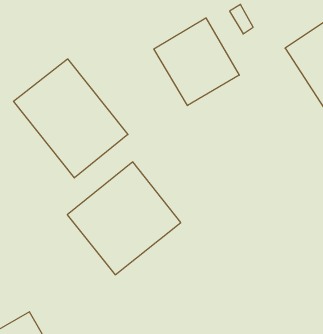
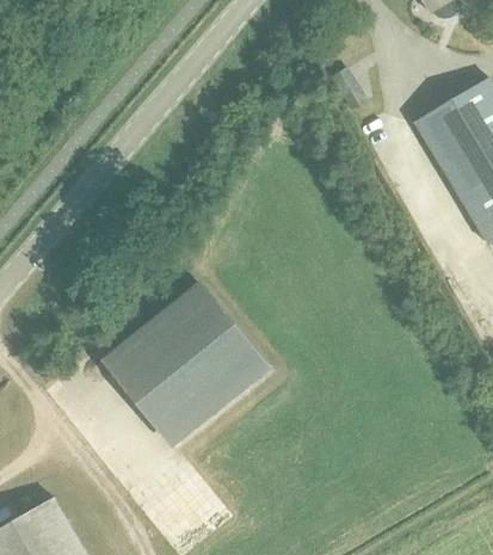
building: [154,18,239,106] -> none
building: [14,59,128,178] -> none

